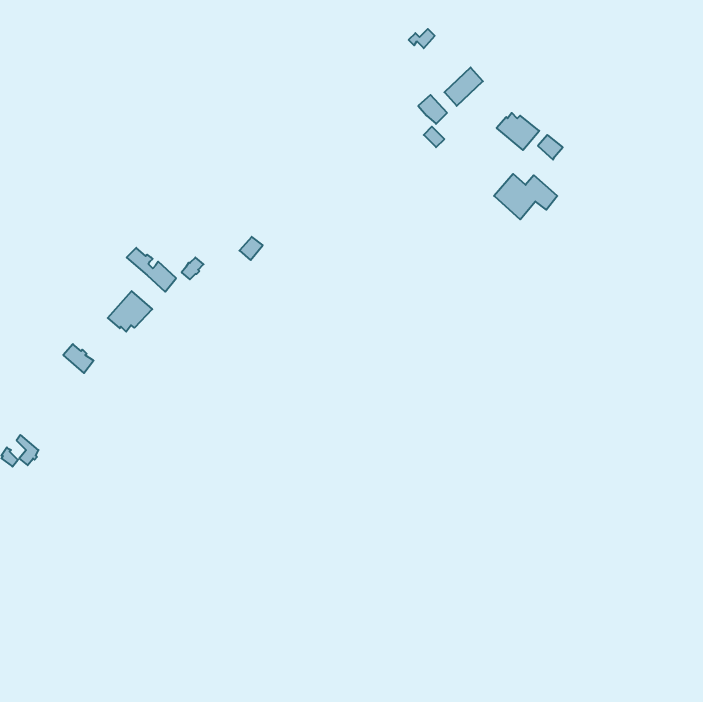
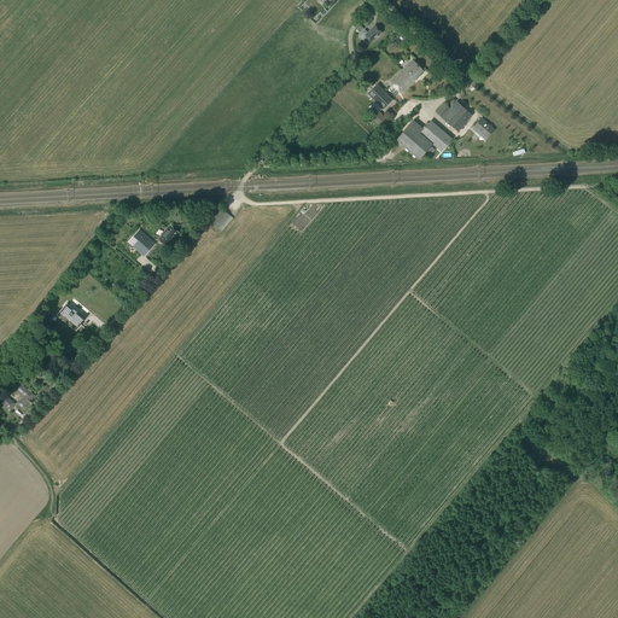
building: [494,174,557,219] -> [396,119,451,159]
building: [108,291,152,332] -> none

